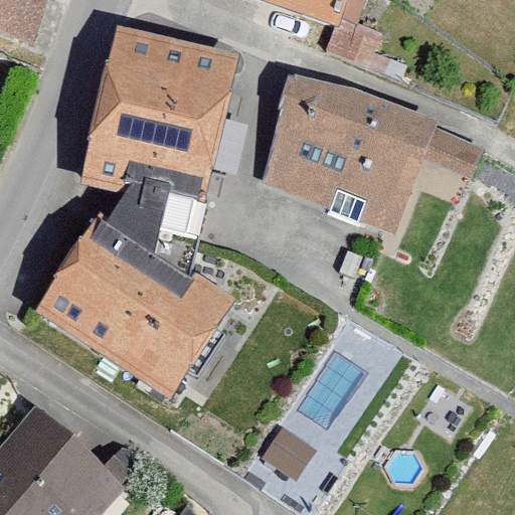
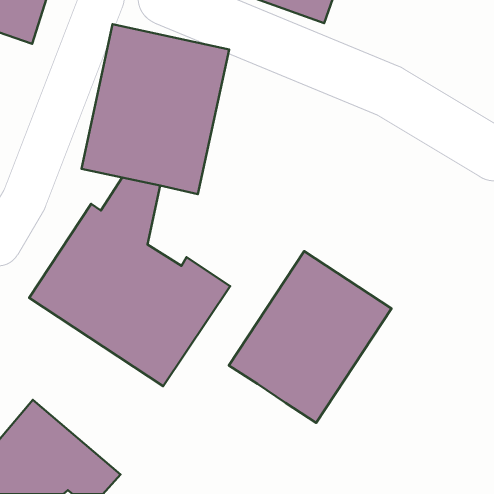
building: [263,71,440,235] -> none
building: none -> [229,251,392,423]

